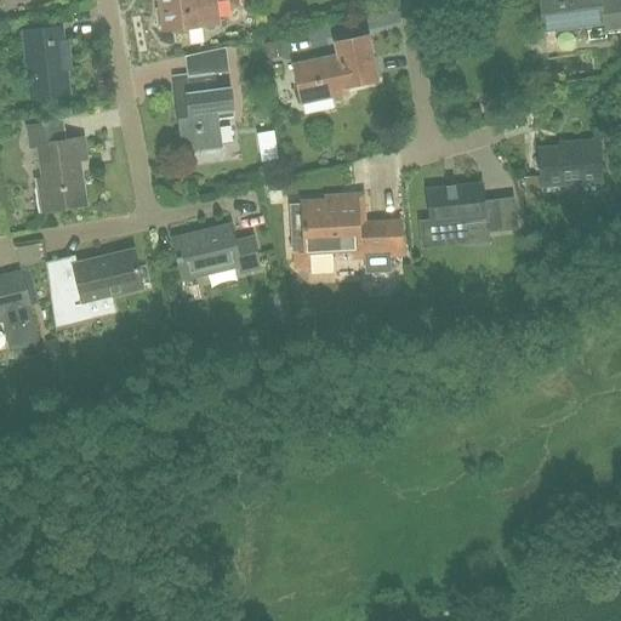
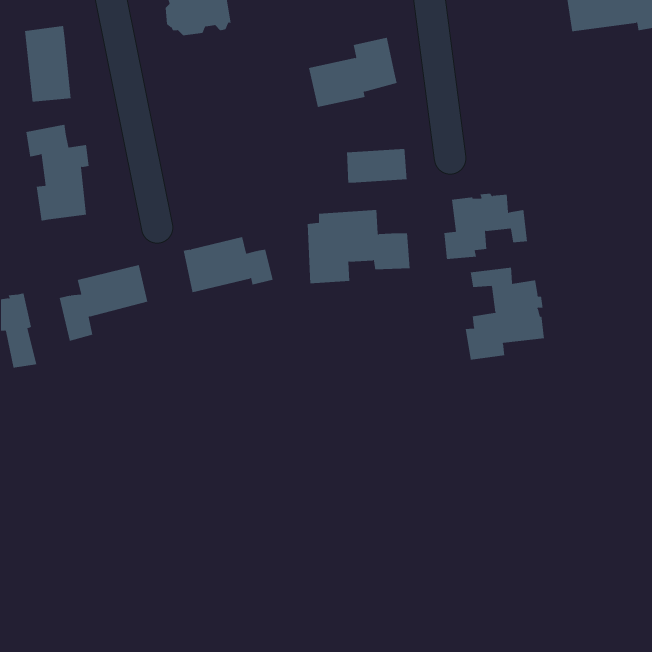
building: [173,46,234,150] -> none
building: none -> [347,148,407,184]
building: [539,141,603,199] -> none
building: none -> [465,267,545,361]

